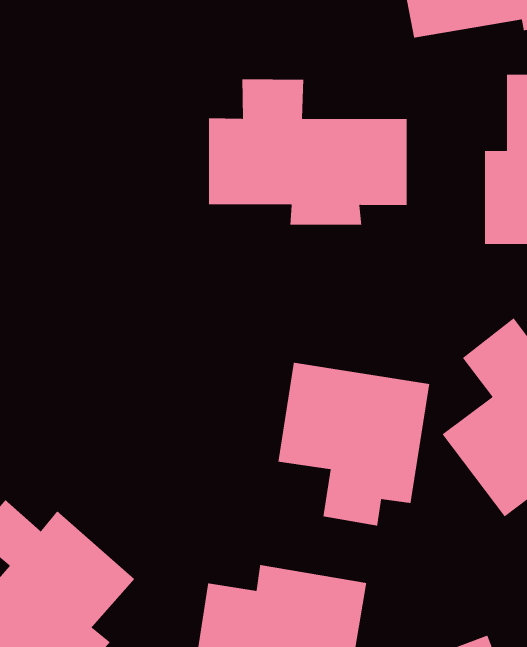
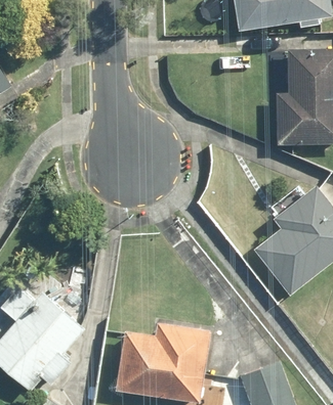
building: [208,78,408,225] -> none
building: [277,362,430,527] -> none

